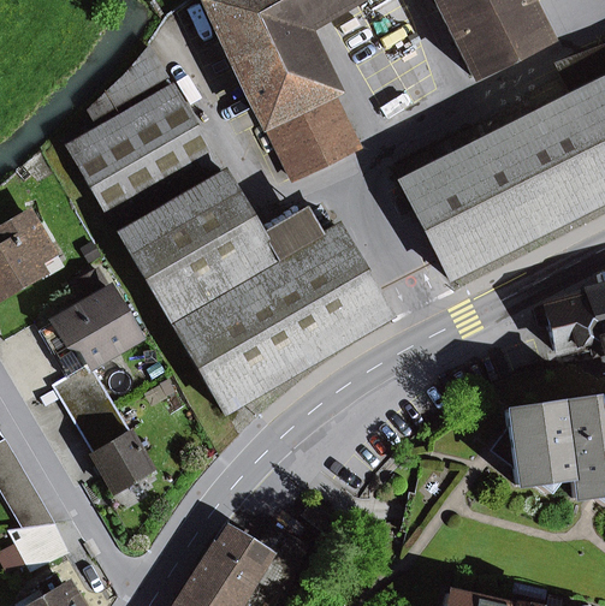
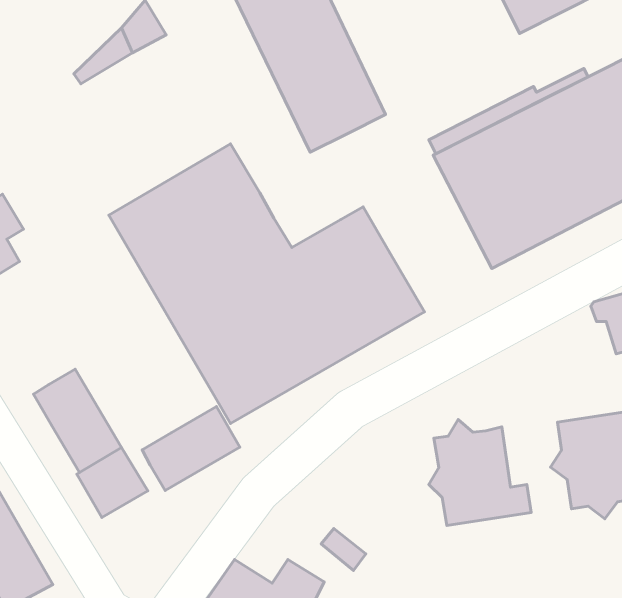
building: [69,87,221,228] -> none
building: [262,212,320,261] -> none
building: [41,271,138,379] -> none
building: none -> [142,407,240,491]
building: none -> [429,420,531,525]

